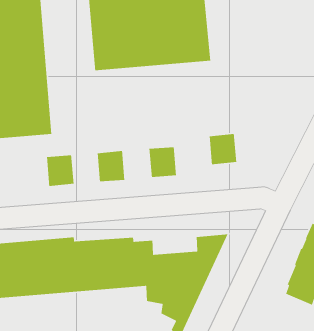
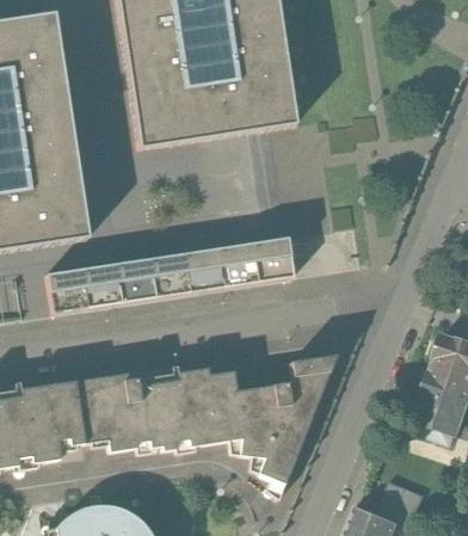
building: [209,133,237,165] -> [255,235,296,281]
building: none -> [186,246,227,291]
building: none -> [118,257,158,301]
building: none -> [49,266,90,312]

